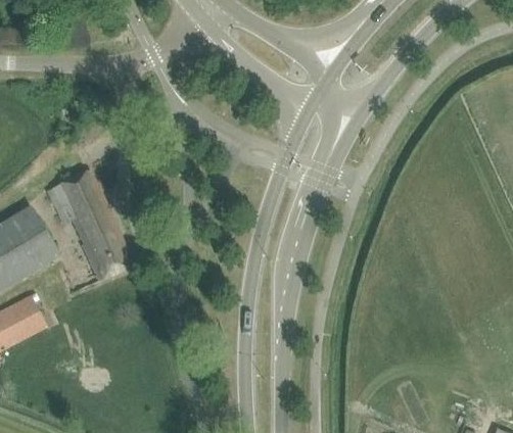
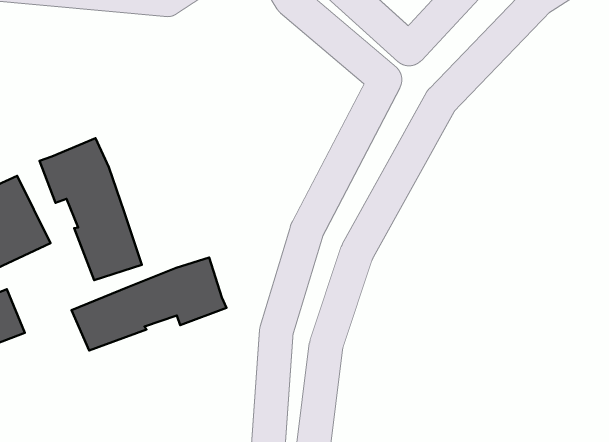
building: none -> [71,258,226,350]

